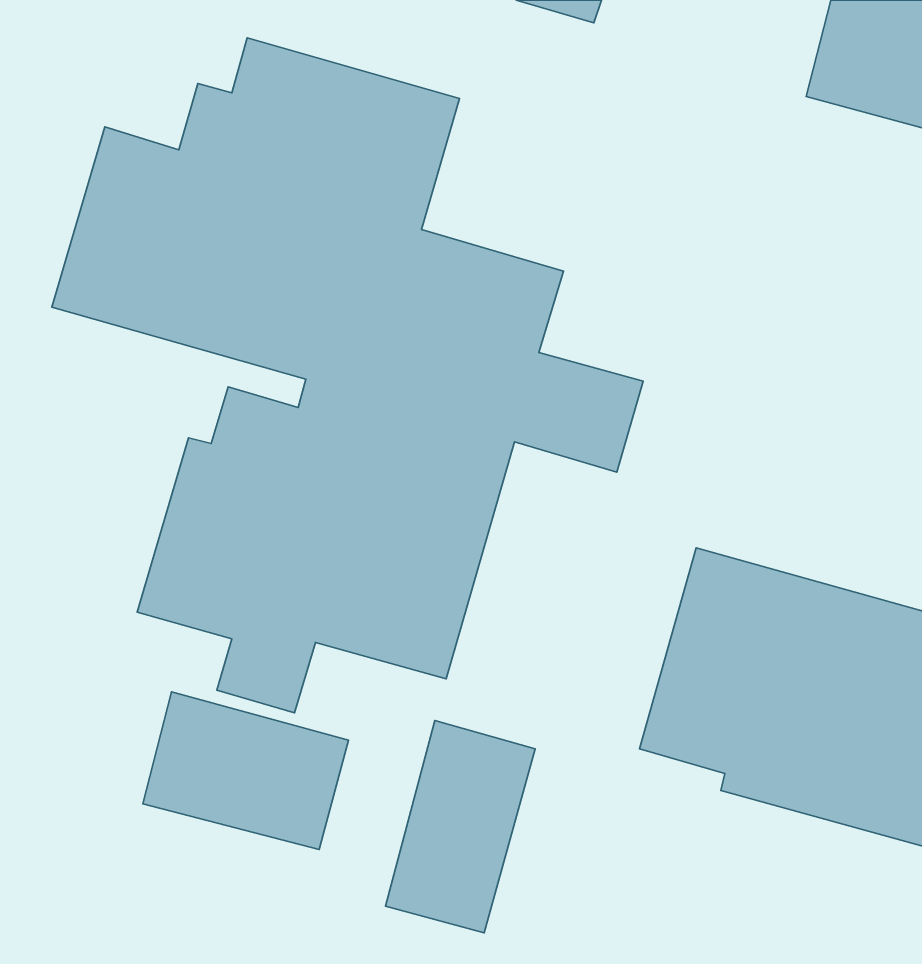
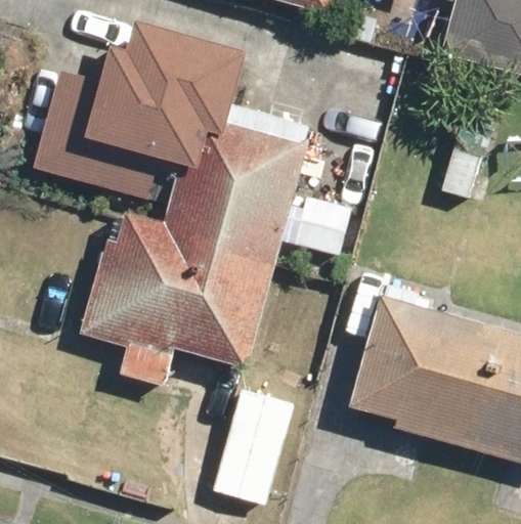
building: [143,692,348,850] -> none

